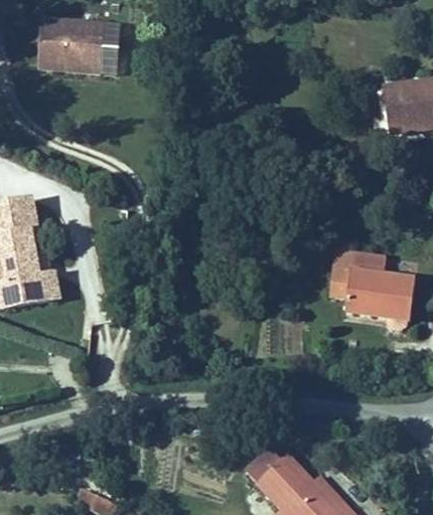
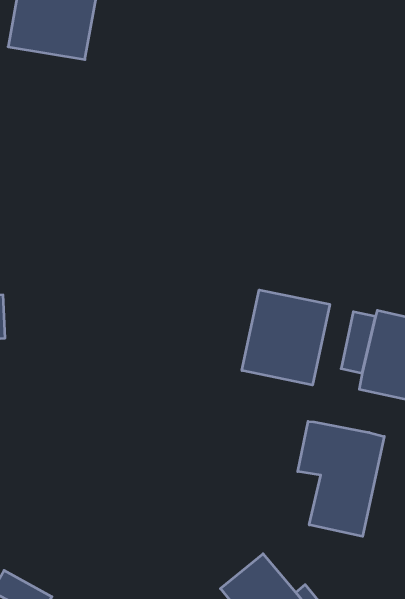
building: none -> [242,290,330,385]
building: none -> [298,421,384,536]

